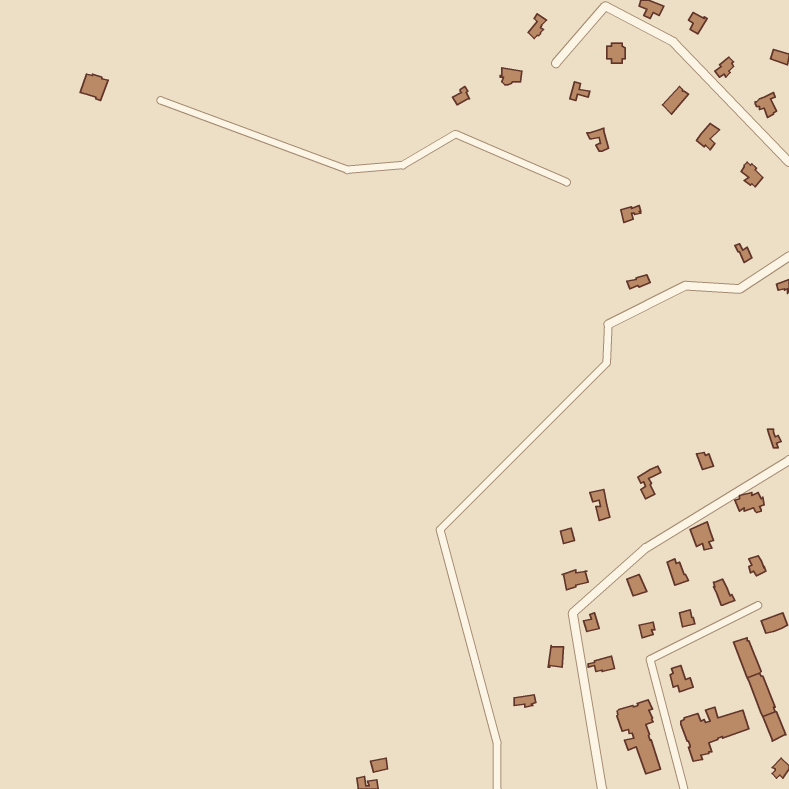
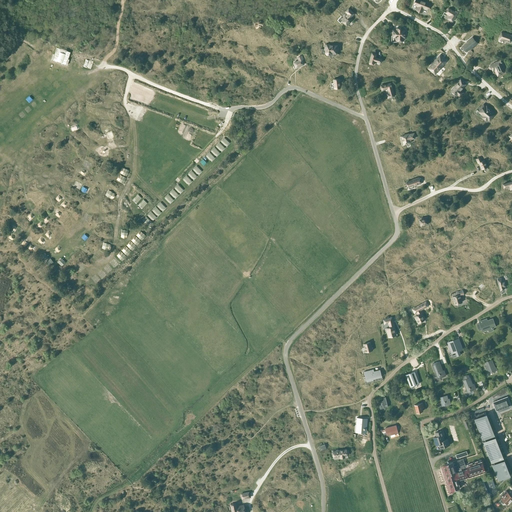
building: [617,700,660,774] -> none

